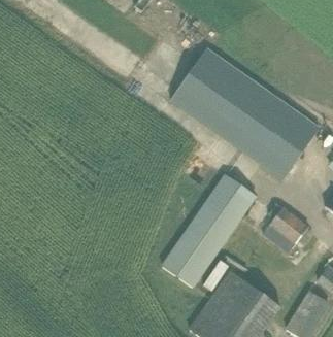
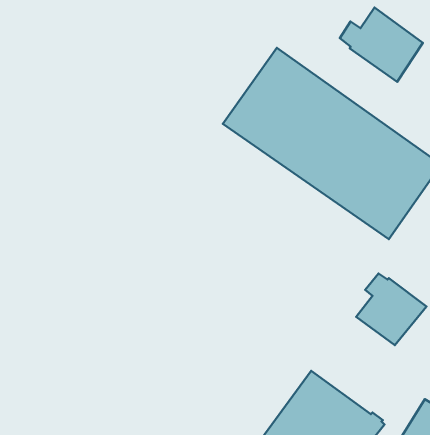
building: none -> [340,8,423,82]
building: [161,172,258,289] -> none

